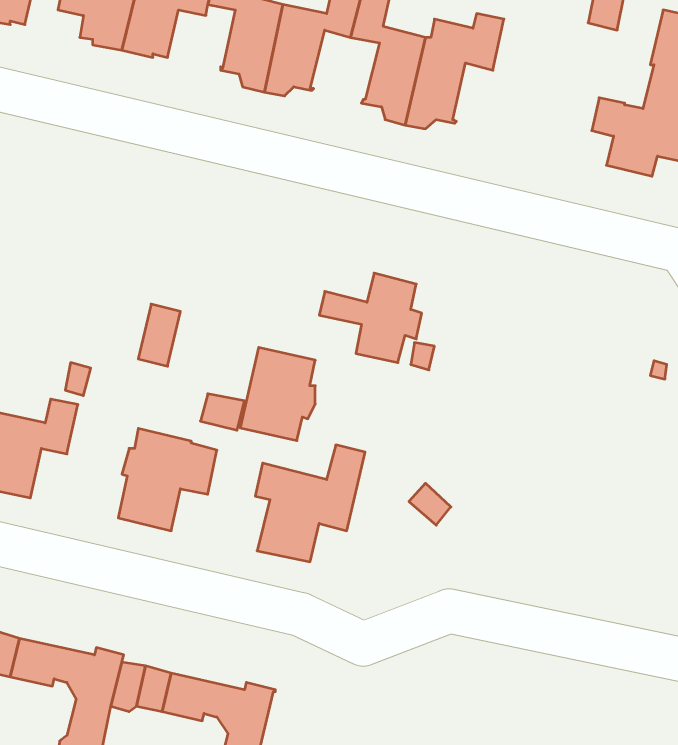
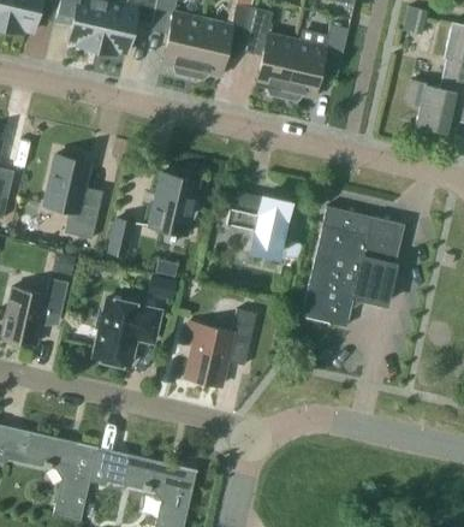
building: none -> [44,152,100,238]
building: none -> [301,205,404,326]
building: [240,347,315,441] -> [149,172,198,233]

